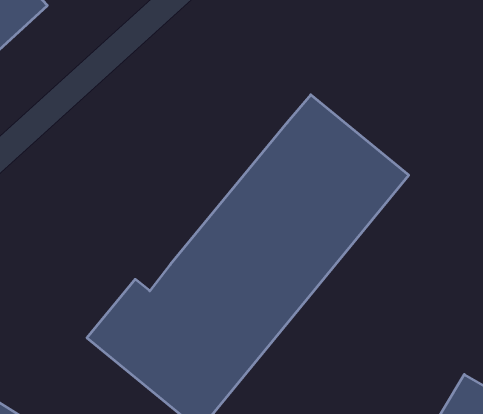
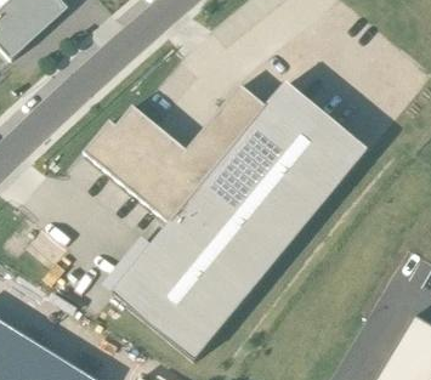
building: none -> [84,85,267,223]

